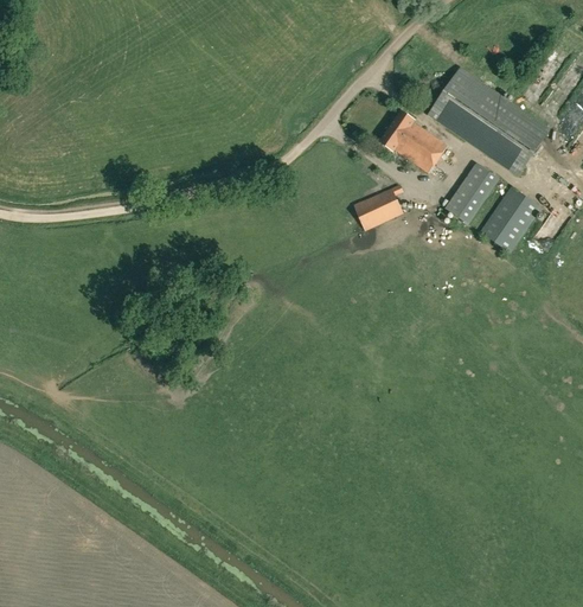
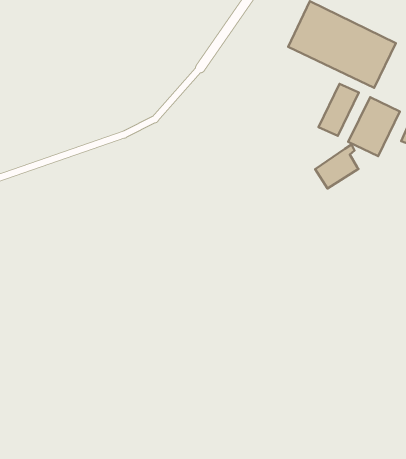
building: [379,109,447,171] -> none
building: [354,183,403,228] -> [315,145,359,189]

